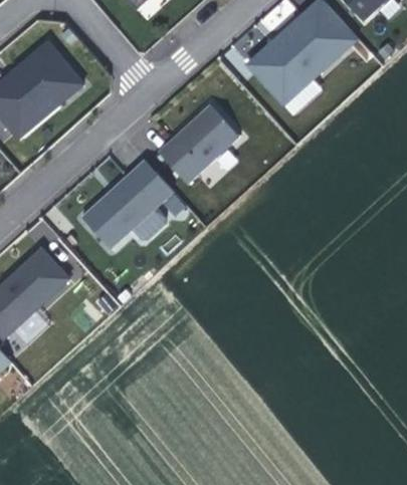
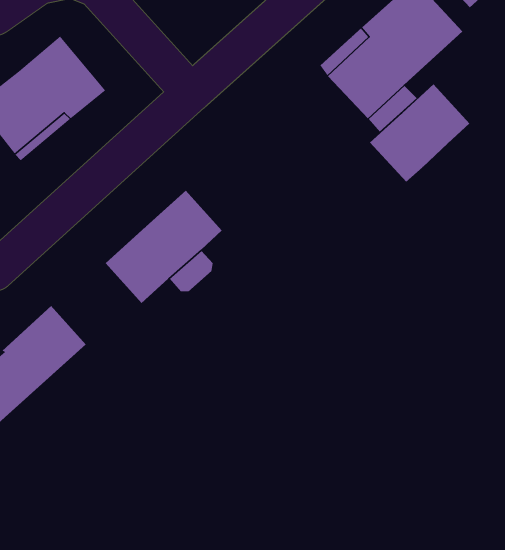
building: none -> [369,84,470,183]
building: [159,105,238,183] -> none

